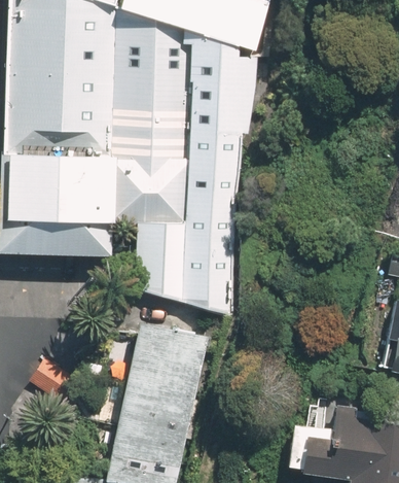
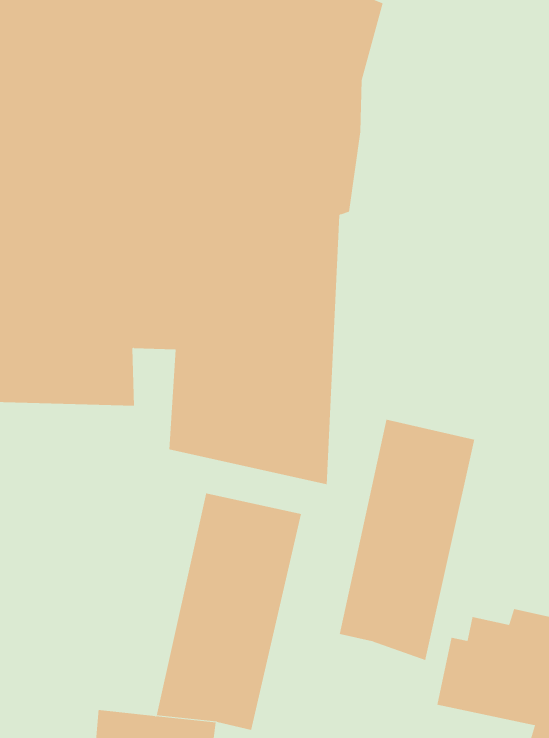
building: none -> [339,419,475,661]

